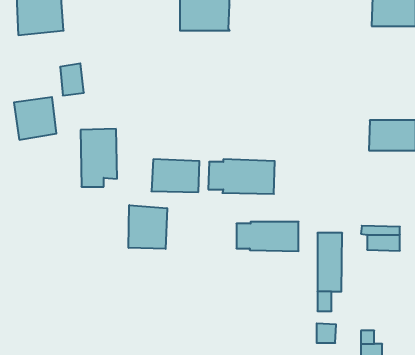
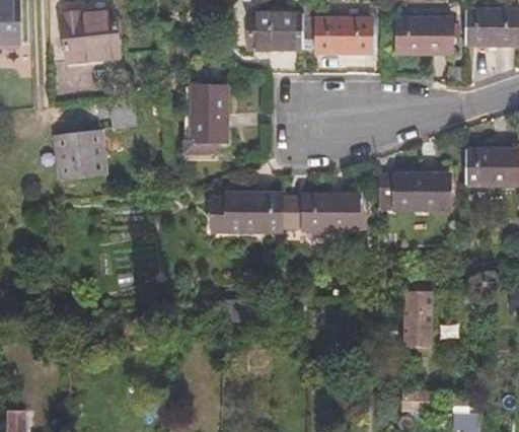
building: none -> [303,20,374,56]
building: none -> [396,22,450,55]
building: [81,129,117,187] -> [187,79,228,145]
building: [129,205,167,249] -> none
building: [236,222,299,251] -> [376,175,447,209]

